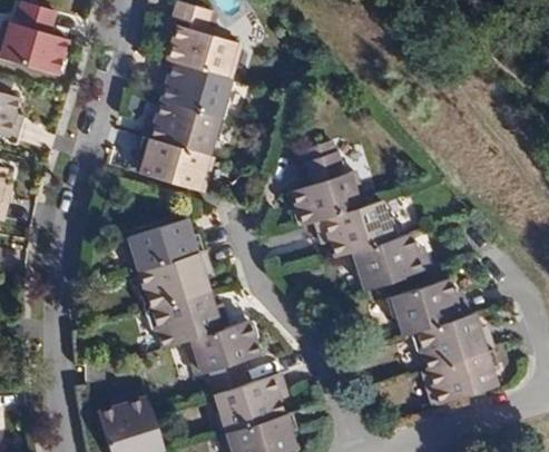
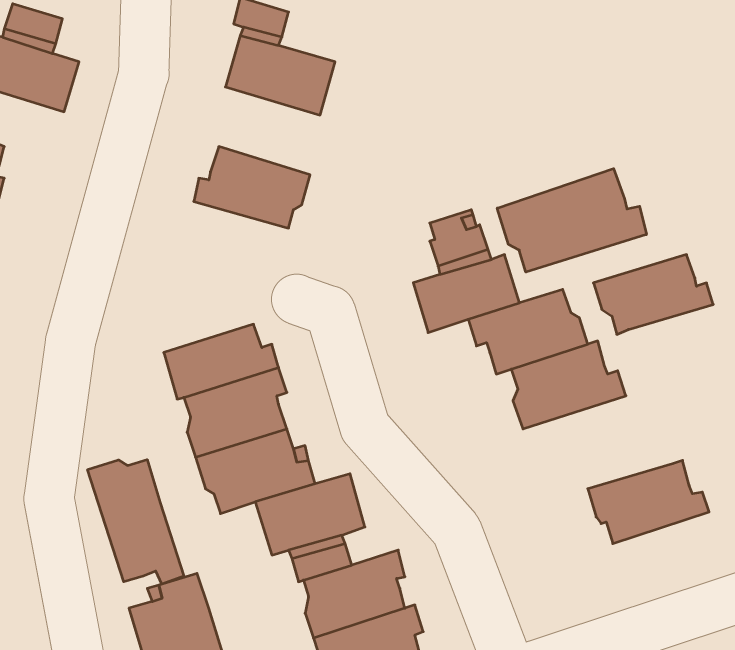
building: [161,61,229,120] -> none
building: none -> [497,169,646,272]
building: [139,138,213,193] -> none
building: [385,281,465,334] -> [593,255,713,334]
building: none -> [88,460,184,584]
building: [421,346,496,404] -> none

